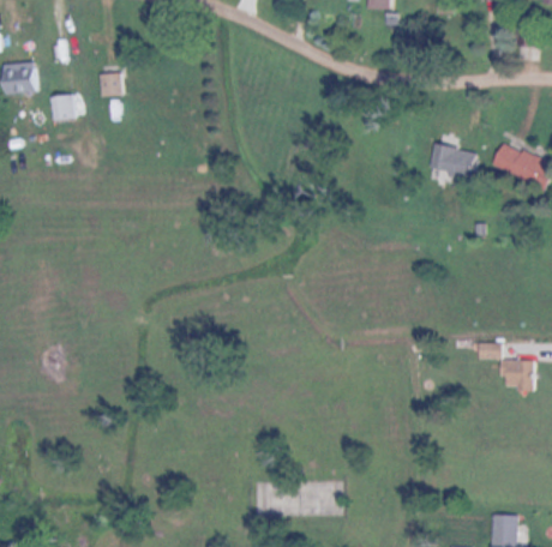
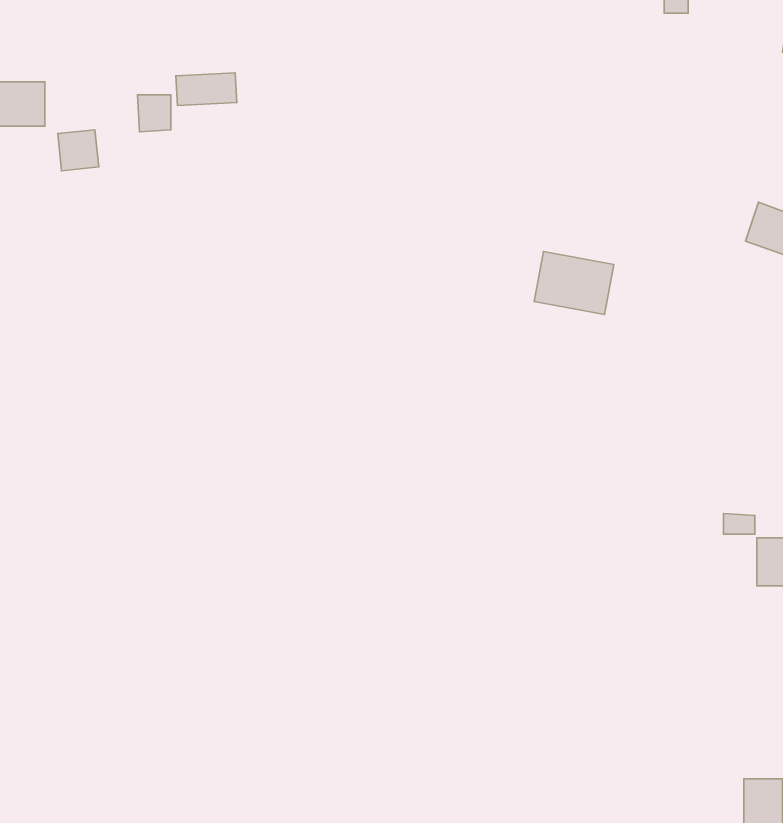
building: none -> [176,73,237,105]
building: [430,142,481,182] -> [534,251,614,314]

